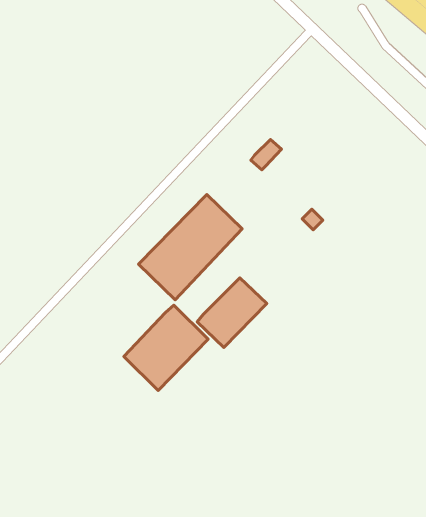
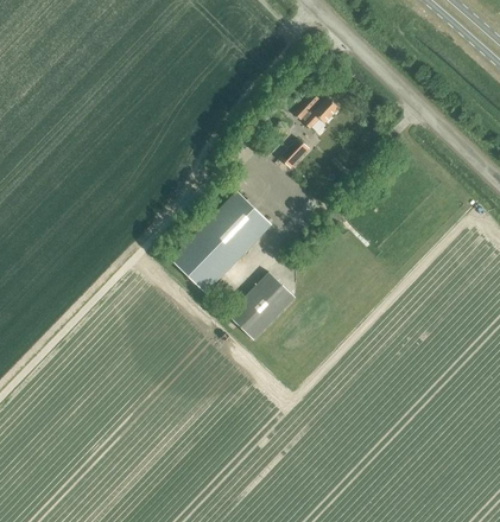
building: none -> [295,93,340,128]
building: [124,305,208,391] -> none

